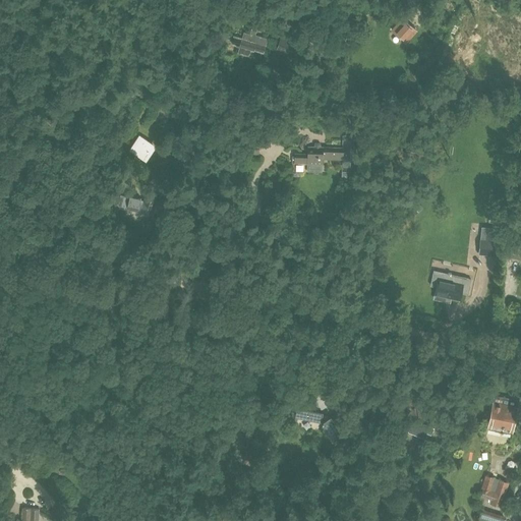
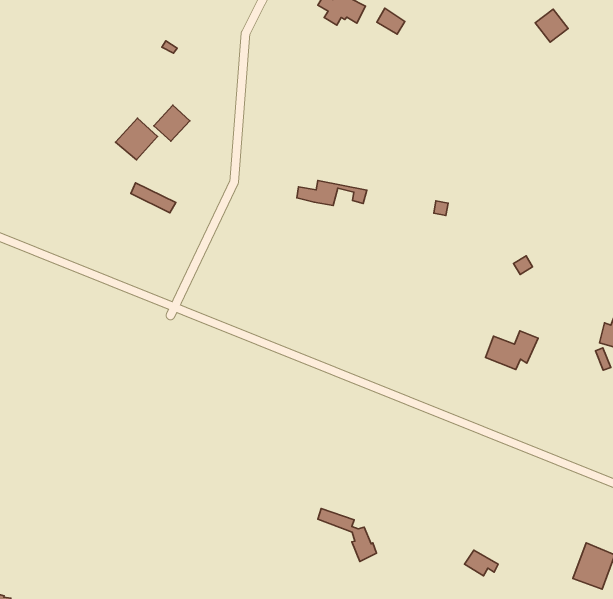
building: [293,149,343,165] -> [297,180,367,206]
building: none -> [116,118,158,160]
building: [435,273,470,301] -> [486,331,538,370]

